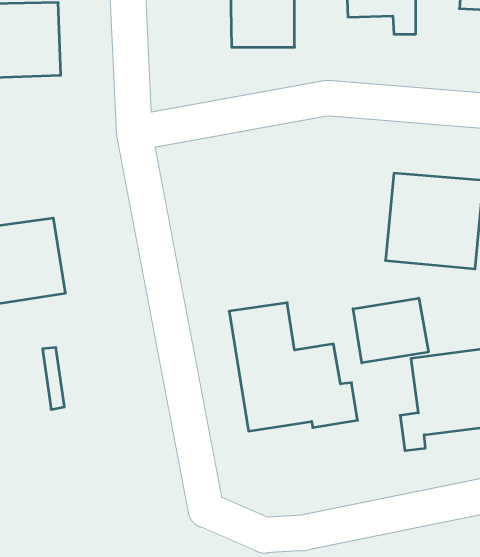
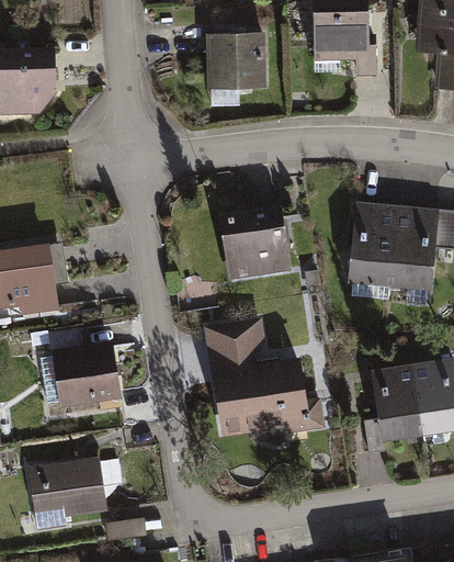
building: none -> [222,207,293,280]
building: [353,298,428,363] -> none
building: none -> [56,342,120,405]
building: none -> [29,457,105,530]

